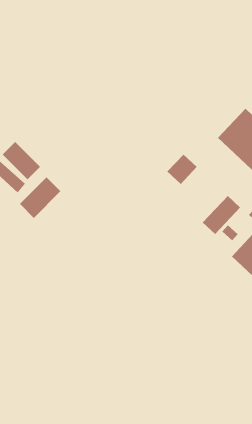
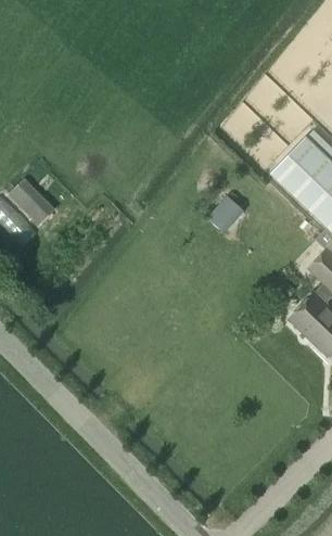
building: [19,177,61,219] -> none
building: [202,195,241,235] -> none

